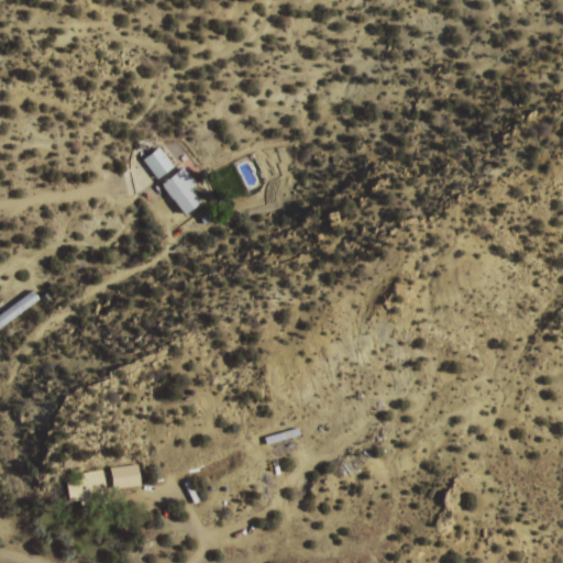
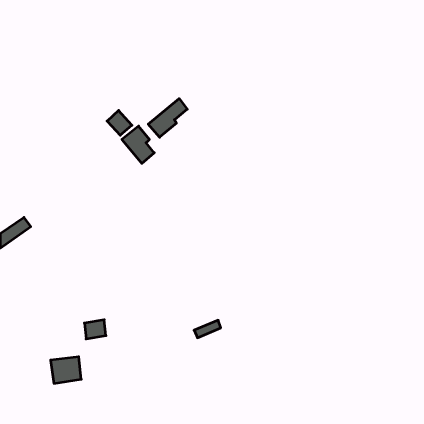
building: none -> [148,99,187,137]
building: [110,464,139,489] -> [84,320,106,339]

